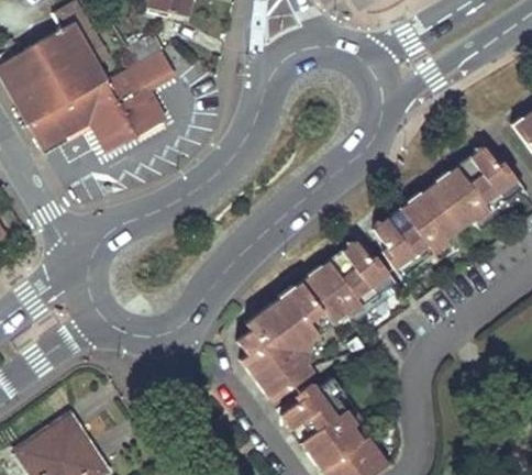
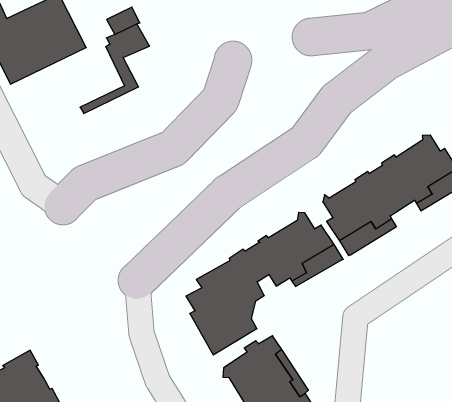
building: [29,68,152,151] -> none

